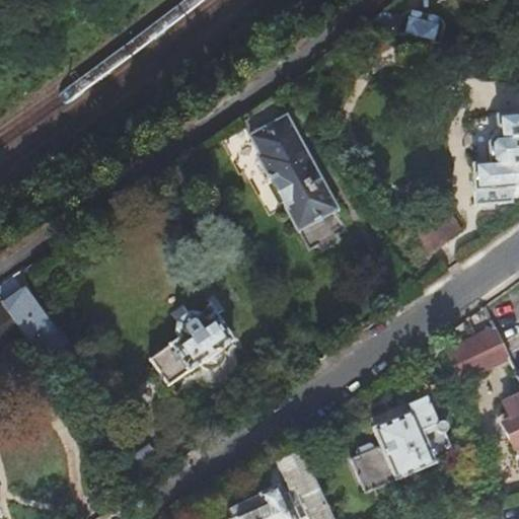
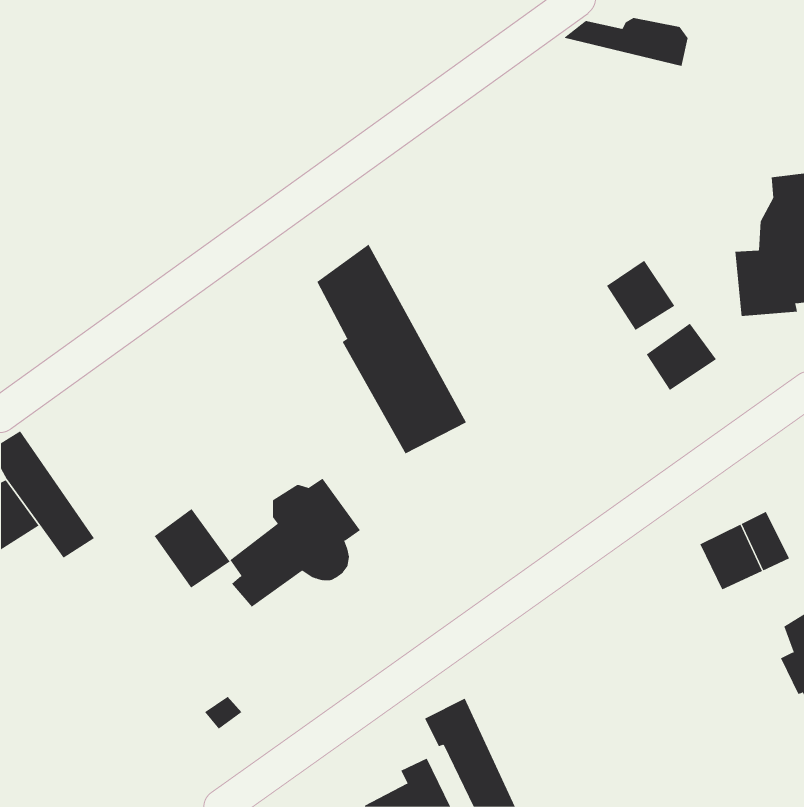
building: [242,93,339,228] -> [316,244,467,454]
building: none -> [606,260,675,331]
building: none -> [154,508,231,588]
building: [351,395,452,493] -> none

